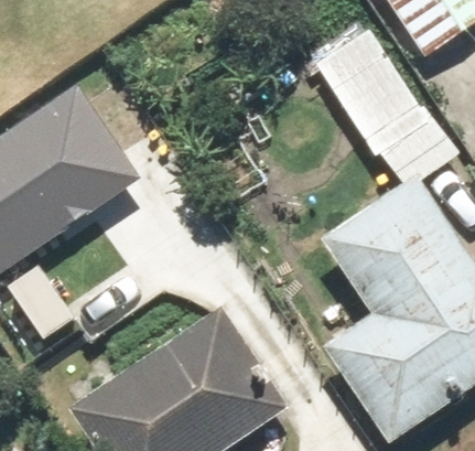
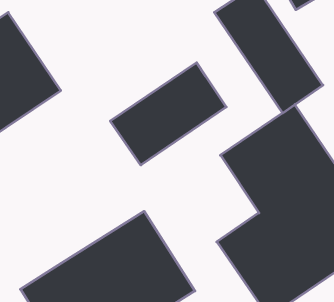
building: none -> [110,63,226,165]

